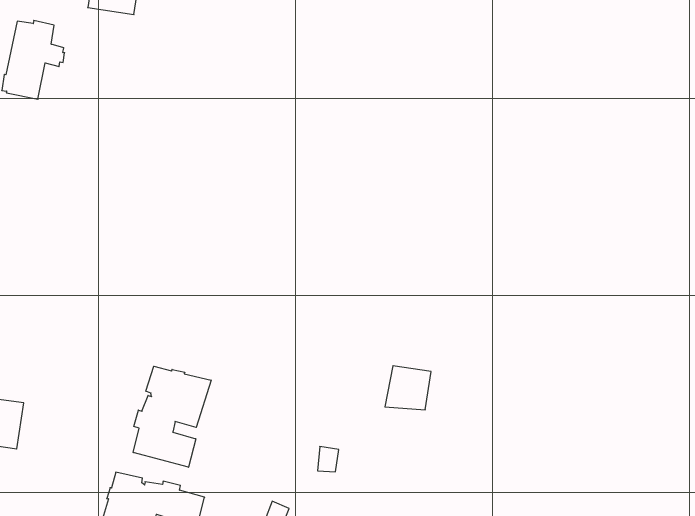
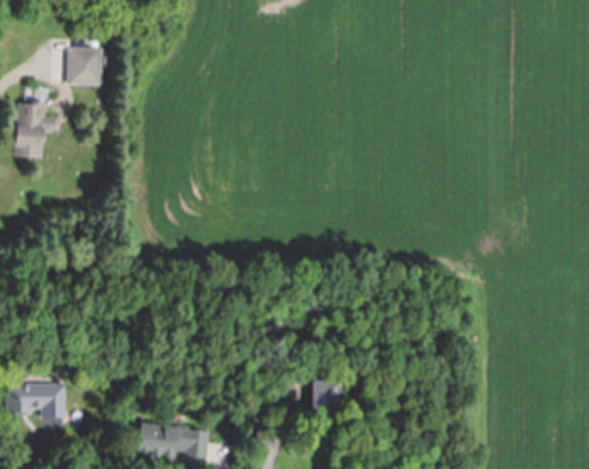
building: [385,366,431,410] -> [311,382,341,413]
building: [133,366,211,467] -> none

